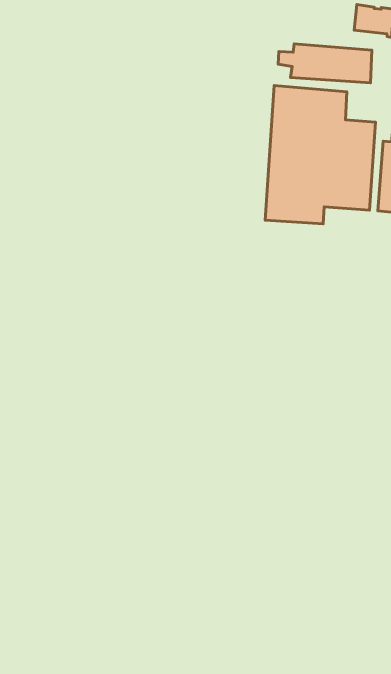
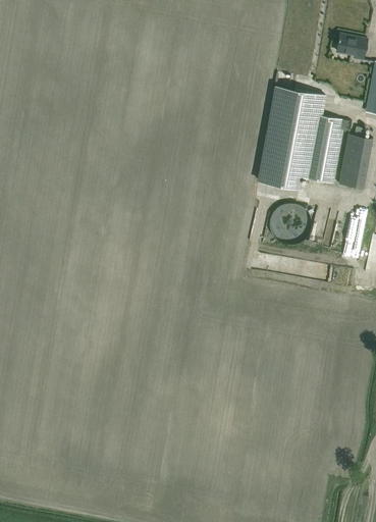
building: [278,44,372,83] -> none

